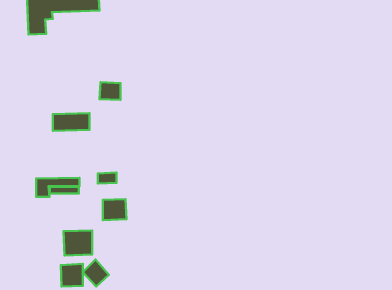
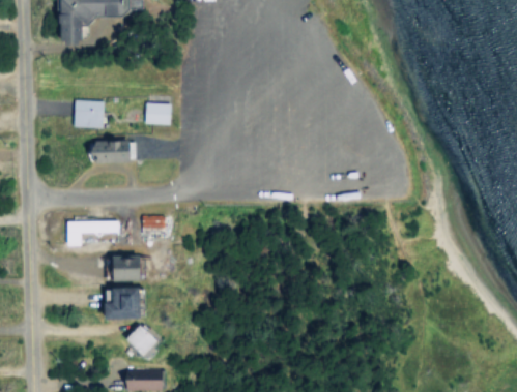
building: none -> [77,100,107,129]
building: [103,199,126,220] -> [110,254,139,280]
building: [61,264,83,286] -> none

